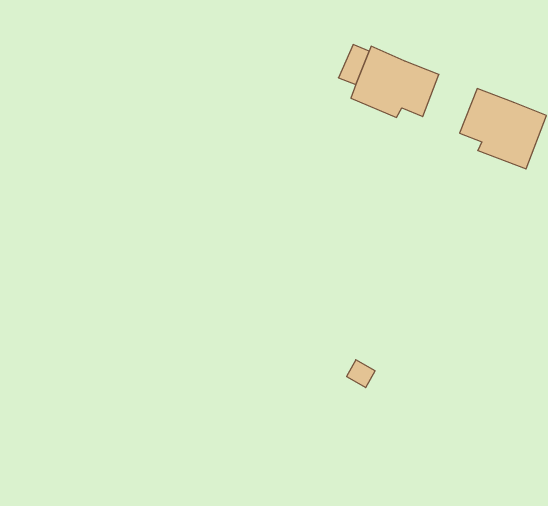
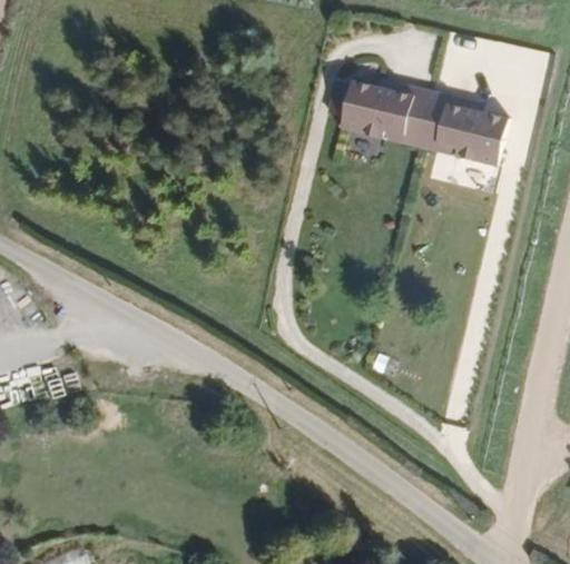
building: none -> [379,80,478,156]

